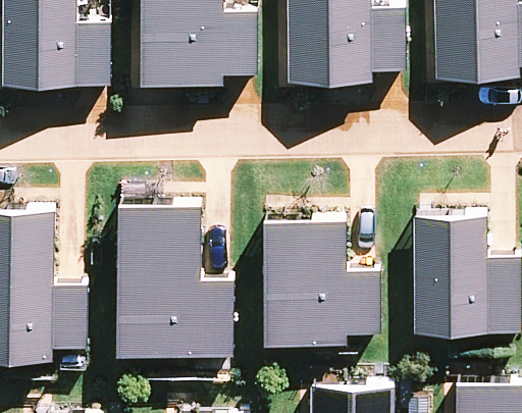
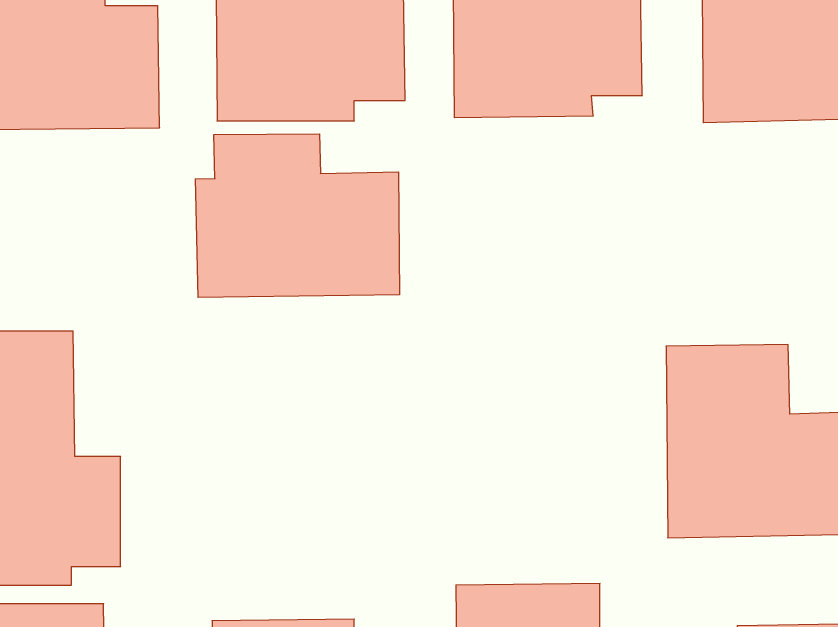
building: none -> [195,134,399,297]
building: [119,210,226,360] -> none
building: [266,223,380,351] -> none

